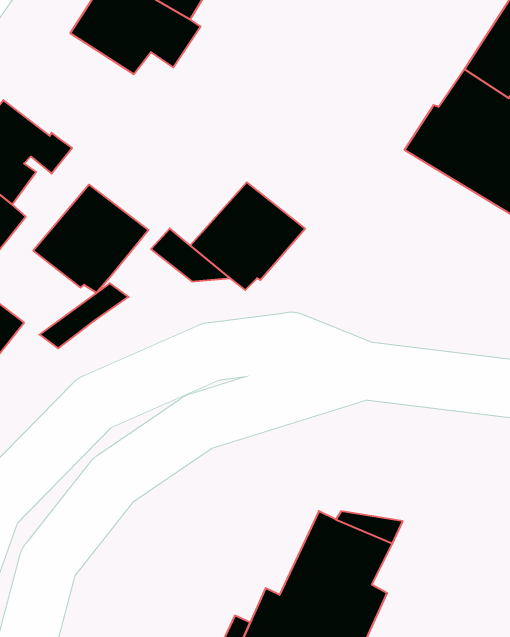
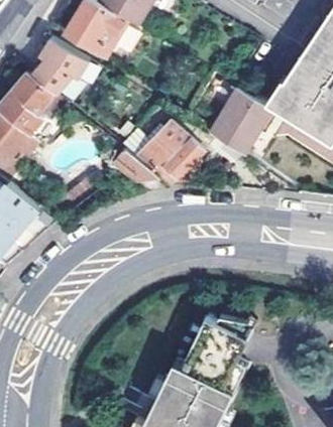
building: none -> [32,37,82,96]
building: none -> [205,88,267,153]
building: [33,185,149,293] -> none

